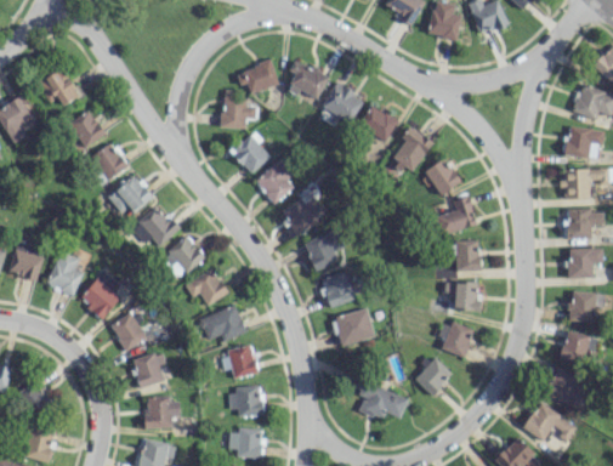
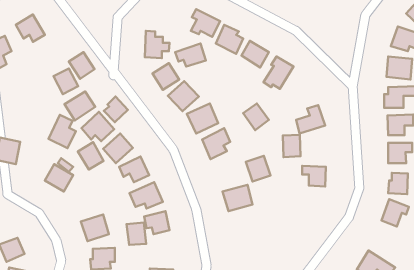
building: [235,61,279,93] -> [175,43,206,67]
building: [69,110,106,148] -> [69,52,95,79]
building: [425,158,461,195] -> [243,104,269,130]
building: none -> [104,97,128,122]
building: [455,240,481,272] -> [283,135,301,157]
building: [46,250,85,297] -> [49,115,76,148]
building: [322,271,357,307] -> [246,156,271,182]
building: [110,312,147,351] -> [78,142,103,170]
building: [438,320,473,357] -> none
building: [414,357,452,396] -> none
building: [546,369,586,407] -> none
building: [359,381,408,421] -> none
building: [235,385,263,416] -> [127,222,146,245]

